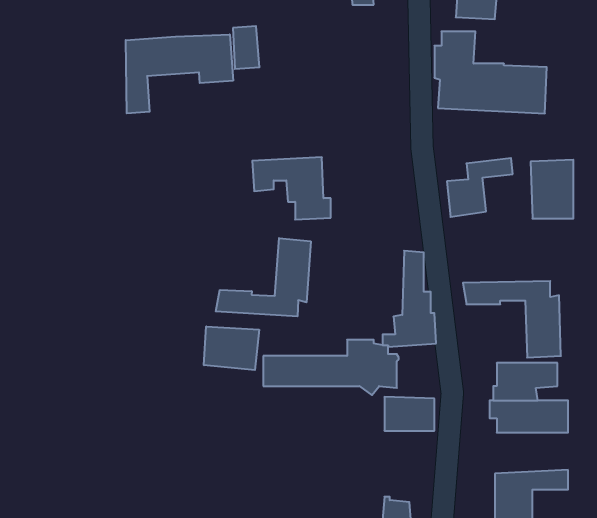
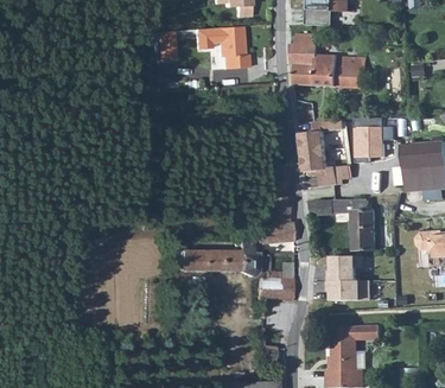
building: [126,34,233,113] -> none
building: [252,157,331,220] -> [193,26,246,68]
building: none -> [300,153,336,186]
building: [216,238,311,316] -> none
building: [204,326,259,370] -> none

